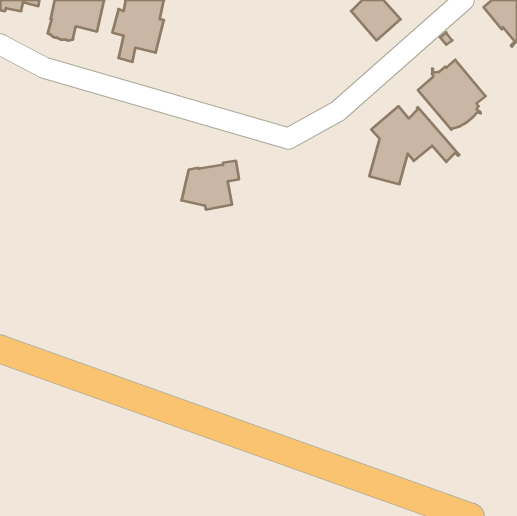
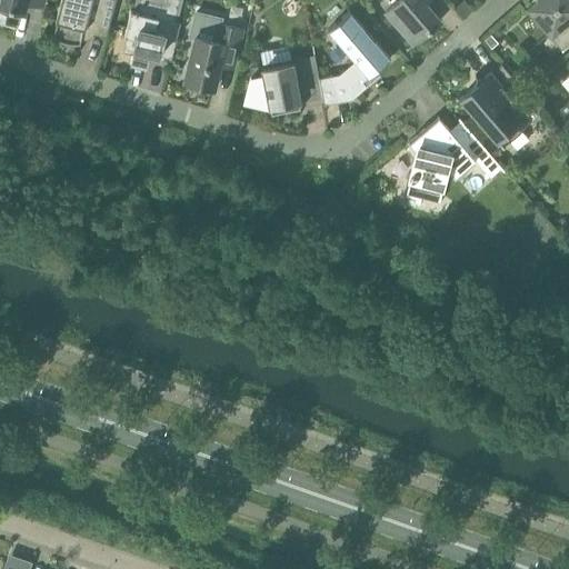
building: none -> [183,11,242,90]
building: none -> [318,12,389,107]
building: [181,161,239,209] -> [244,59,308,112]

